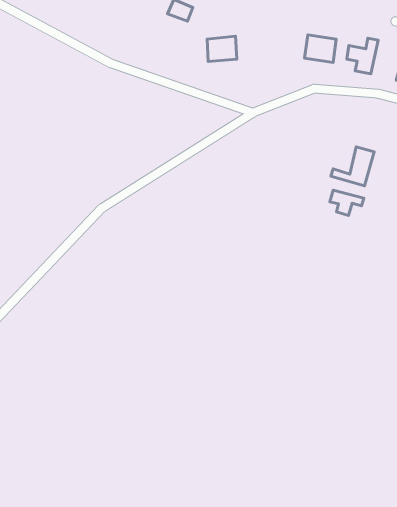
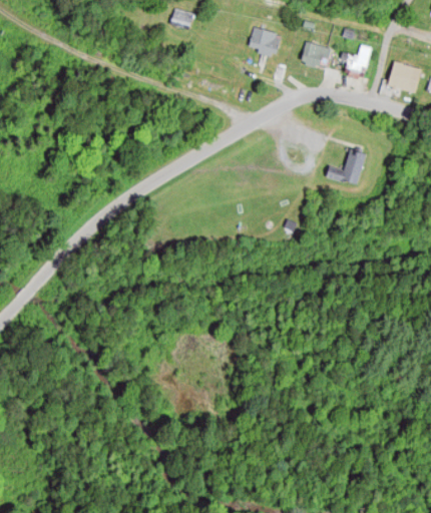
building: [207,36,237,61] -> [251,29,279,53]
building: [330,190,364,216] -> none

